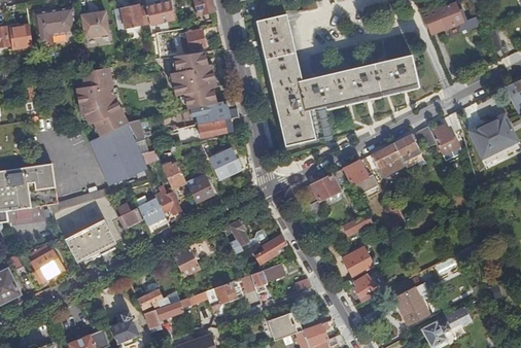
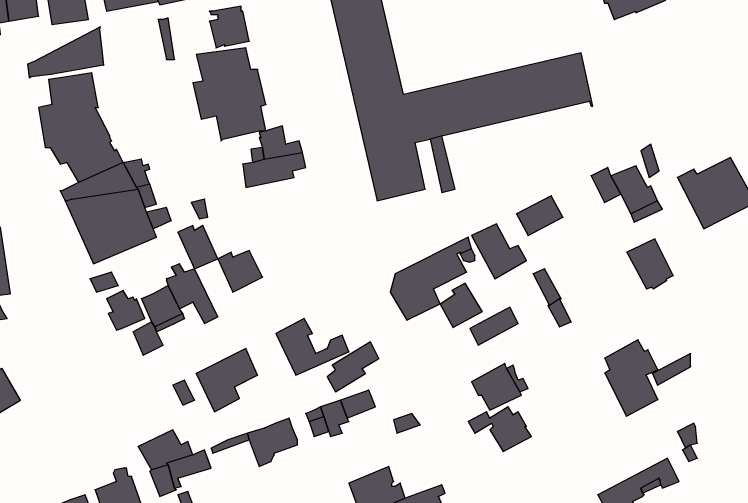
building: none -> [28,27,104,78]
building: [393,135,422,166] -> [627,239,673,289]
building: [209,148,242,177] -> none
building: none -> [440,283,482,328]
building: [66,219,116,263] -> none
building: [395,277,428,324] -> [605,340,658,416]

